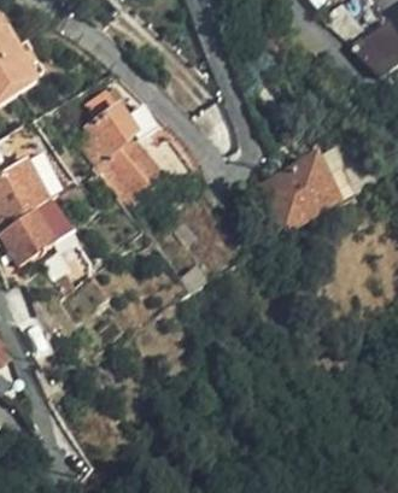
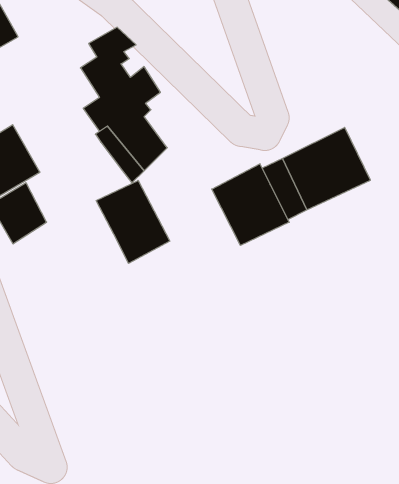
building: none -> [212,164,289,245]
building: none -> [96,180,170,263]

